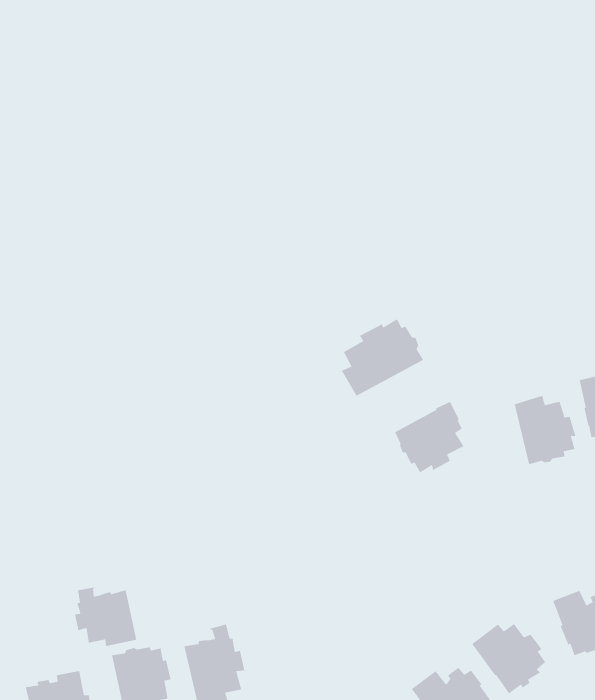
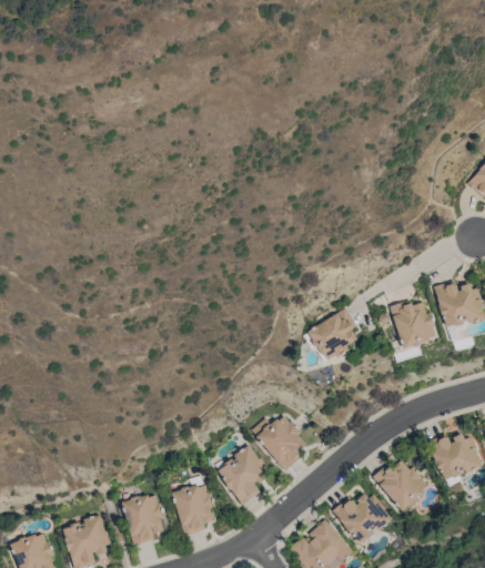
building: [341,318,424,397] -> none
building: none -> [256,416,305,470]
building: none -> [218,445,269,505]
building: [74,587,137,647] -> none

